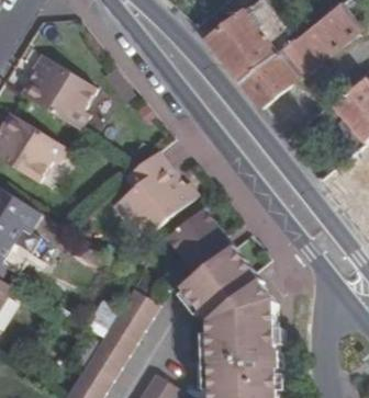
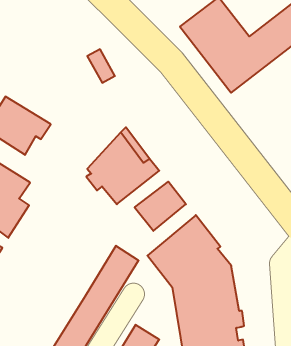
building: [24,57,92,127] -> none

